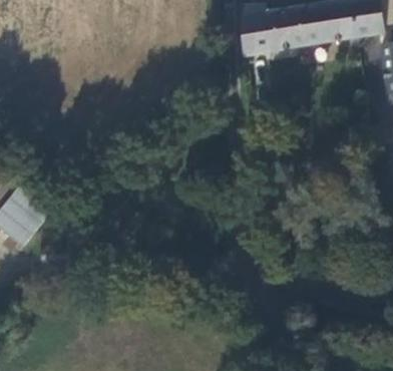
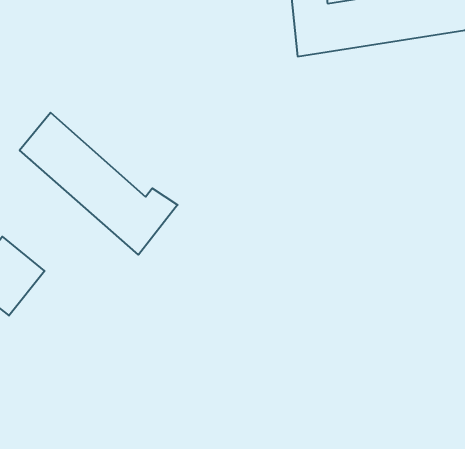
building: none -> [20,113,178,255]

